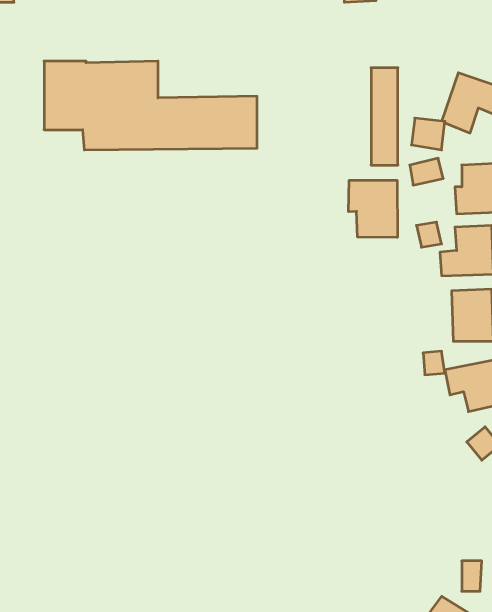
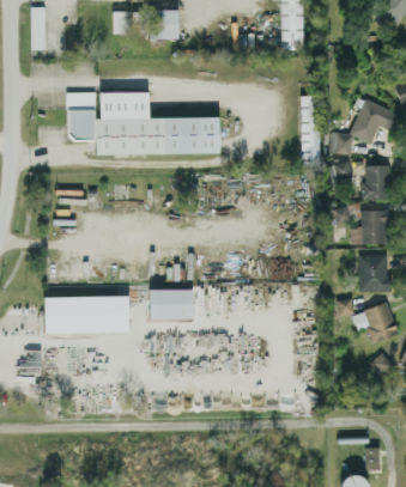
building: [349,180,397,237] -> none
building: none -> [149,288,192,318]
building: none -> [43,296,129,333]

